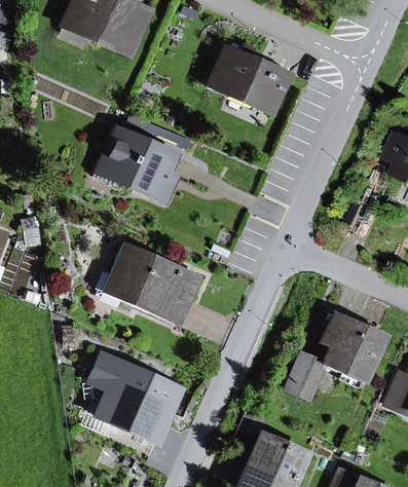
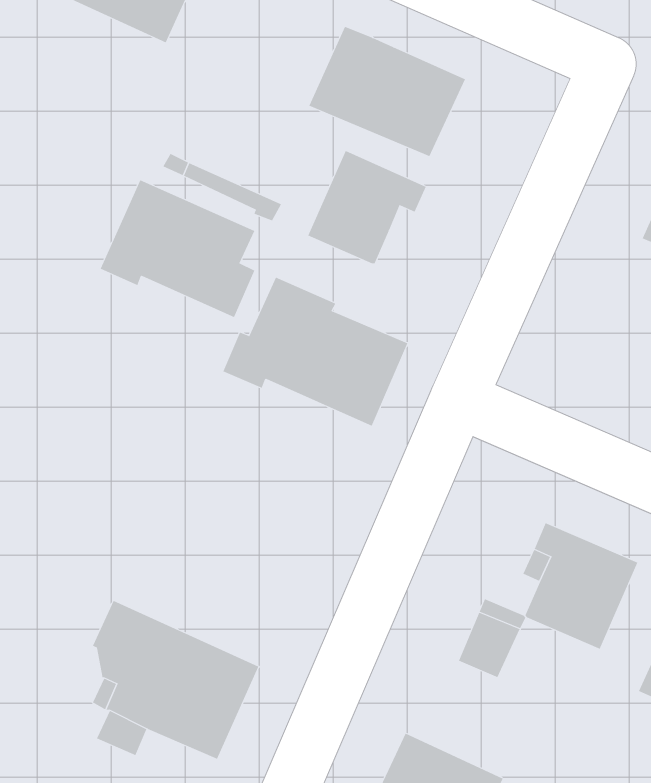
building: none -> [308,150,426,264]
building: [98,242,198,324] -> [222,277,408,427]

